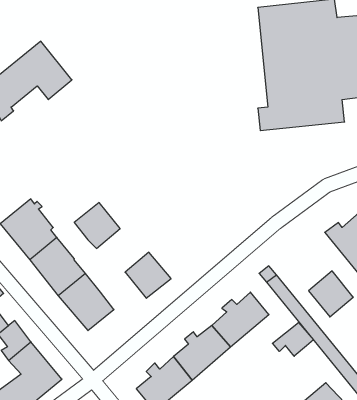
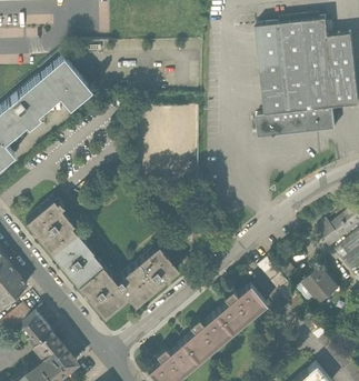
building: [74,203,120,248] -> [116,265,157,307]
building: [272,322,314,356] -> none

